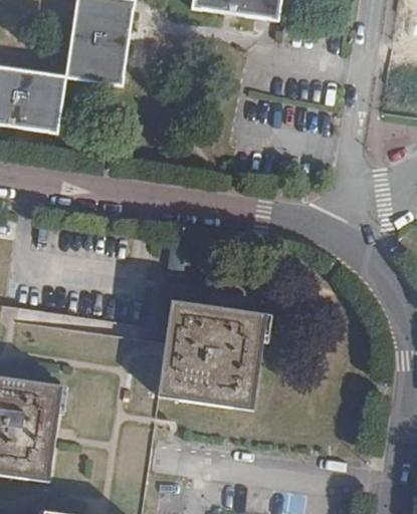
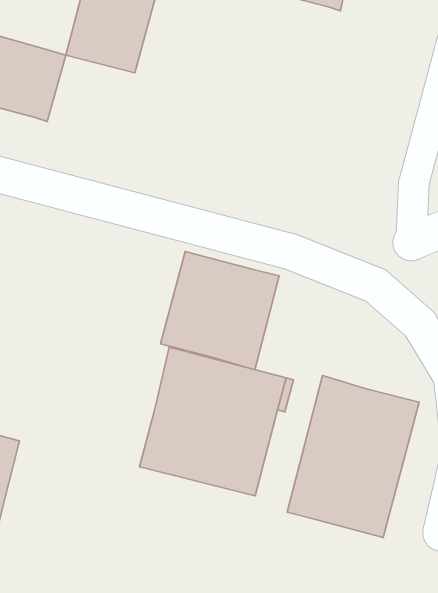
building: none -> [160,251,279,370]
building: none -> [287,375,419,537]

